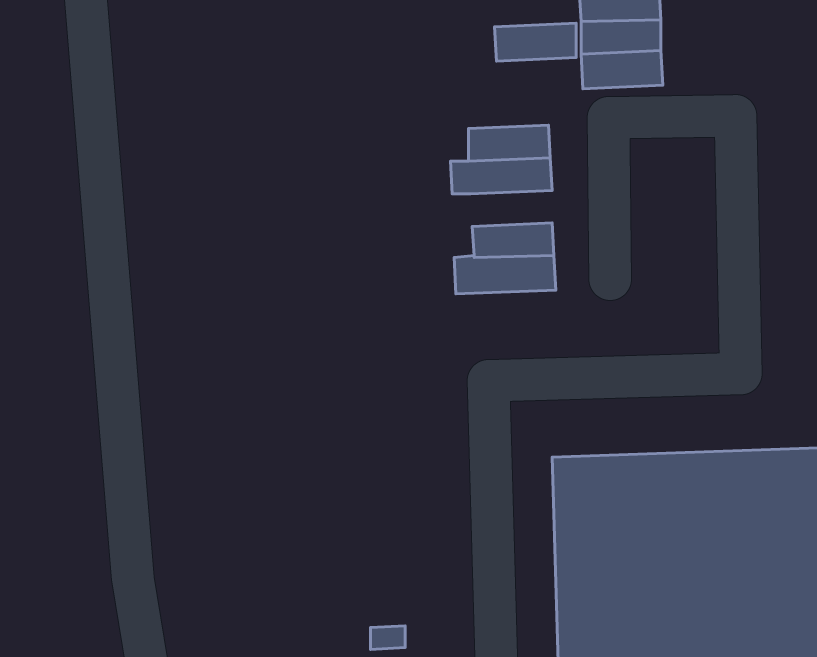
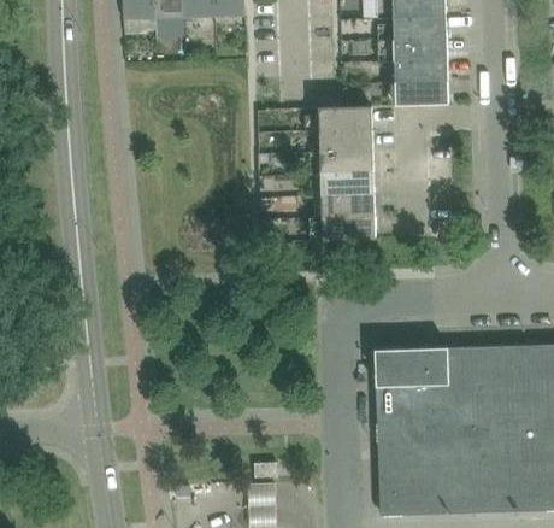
building: [495,23,576,61] -> [318,106,372,131]
building: none -> [320,172,375,196]

